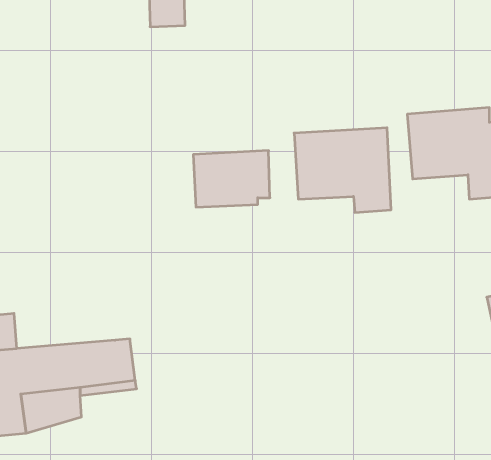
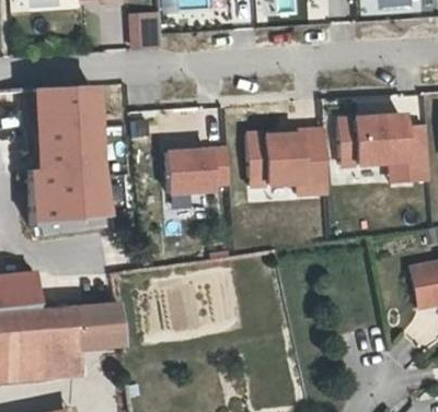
building: none -> [33,89,108,225]

